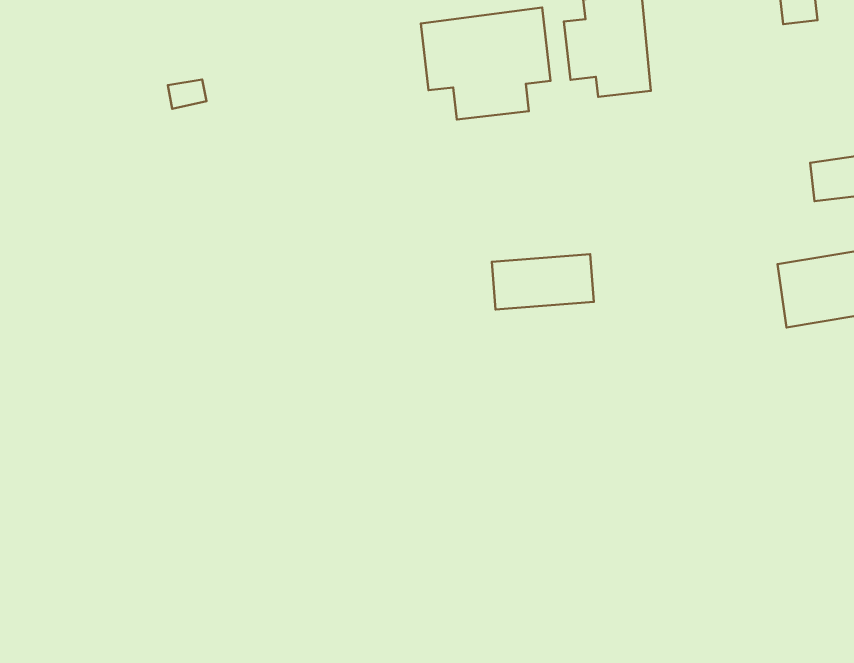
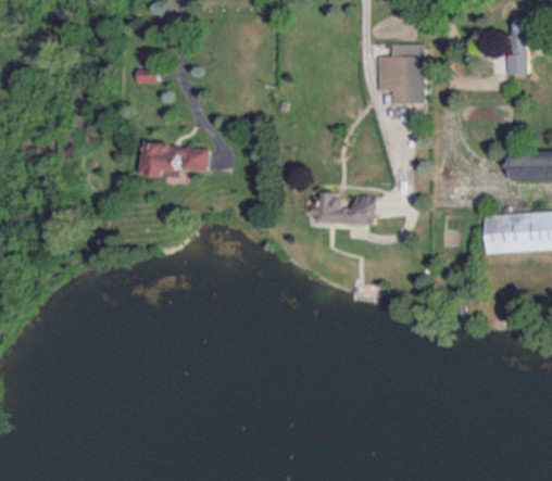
building: [421,7,550,120] -> none
building: none -> [140,143,209,177]

